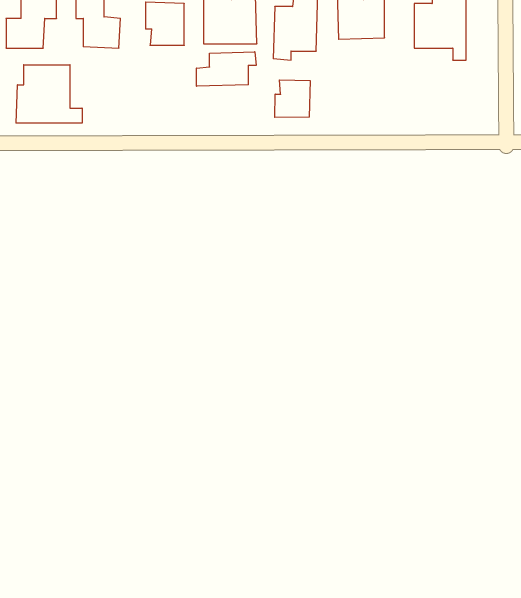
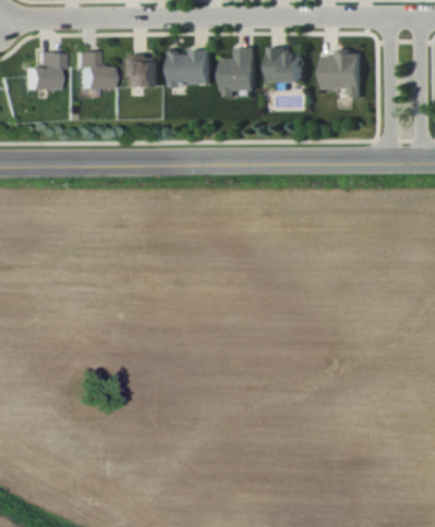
building: [197,52,256,86] -> none
building: [16,65,82,123] -> none
building: [275,80,310,117] -> none

